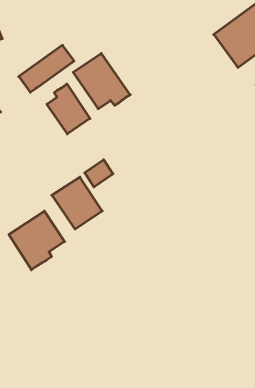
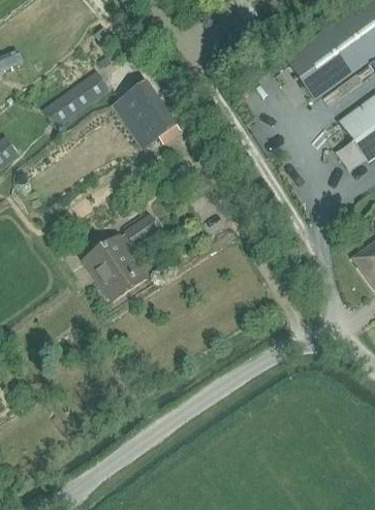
building: [47,84,90,134] -> none
building: [9,211,65,270] -> none

